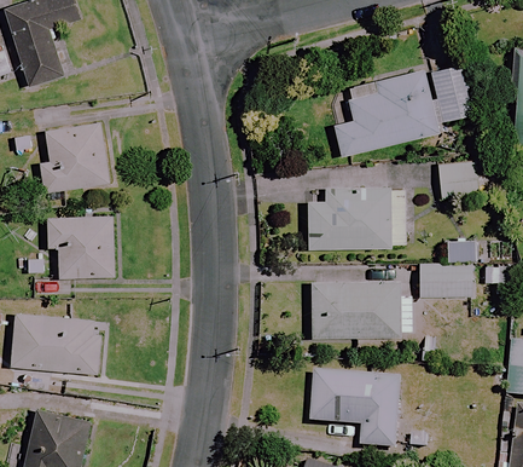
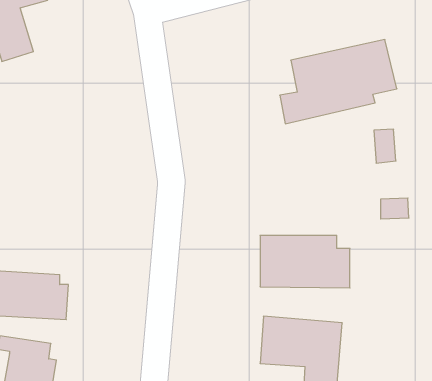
building: [40,123,110,194] -> none
building: [308,183,407,248] -> none
building: [48,217,116,278] -> none
building: [420,265,471,296] -> none

